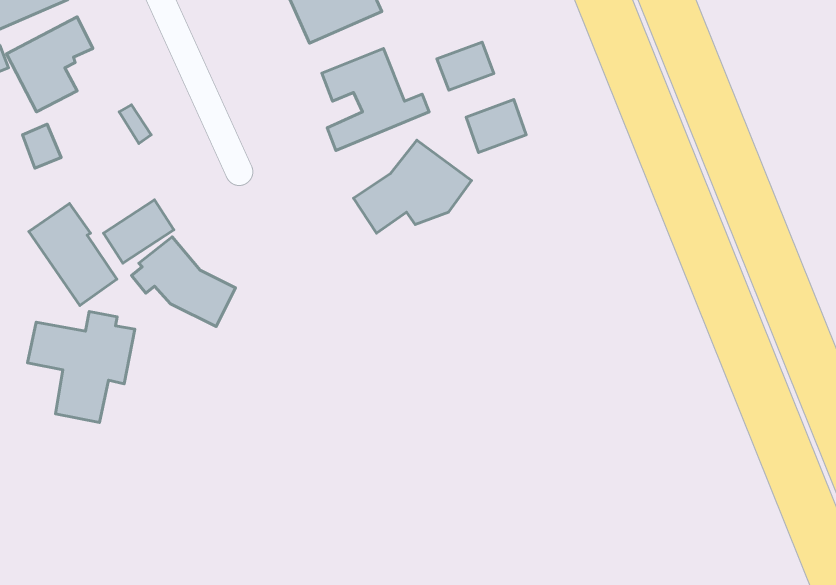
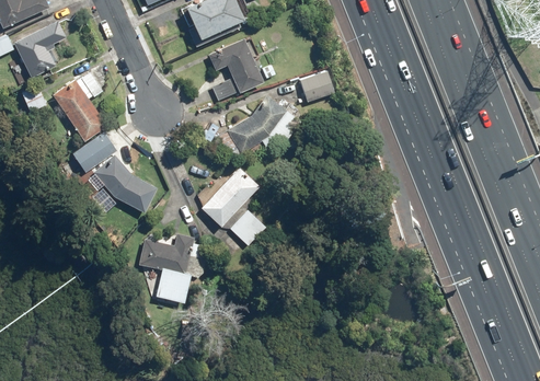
building: [437,42,494,90] -> none
building: [29,203,117,305] -> [53,79,107,142]
building: none -> [202,166,258,226]
building: [27,312,135,423] -> [139,233,206,302]
building: none -> [230,212,264,246]

